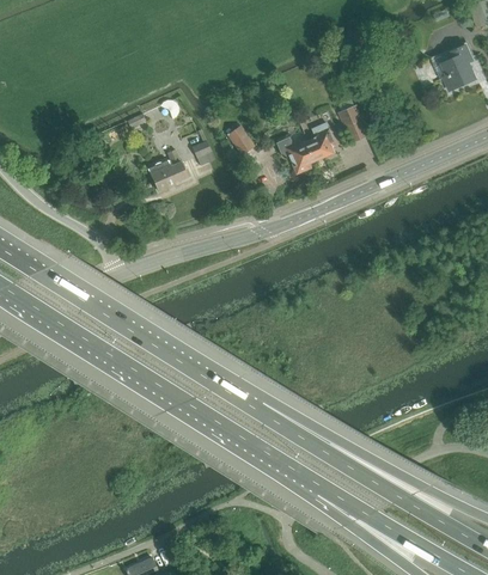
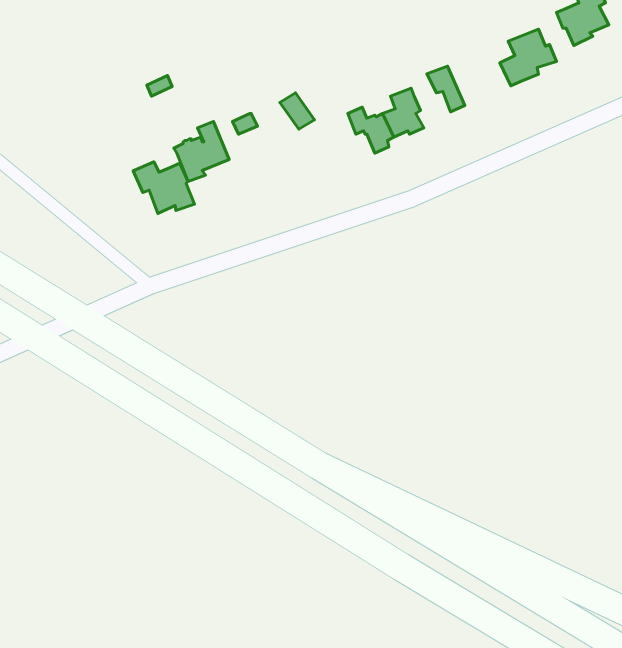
building: none -> [500,29,556,86]
building: none -> [133,162,194,213]

